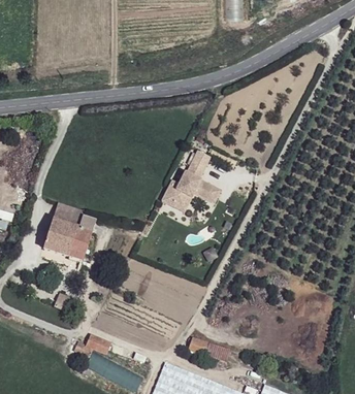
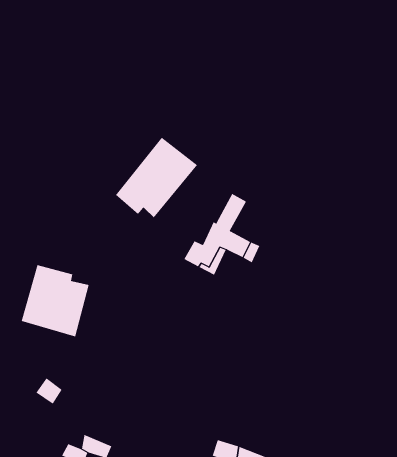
building: none -> [115,137,198,218]

